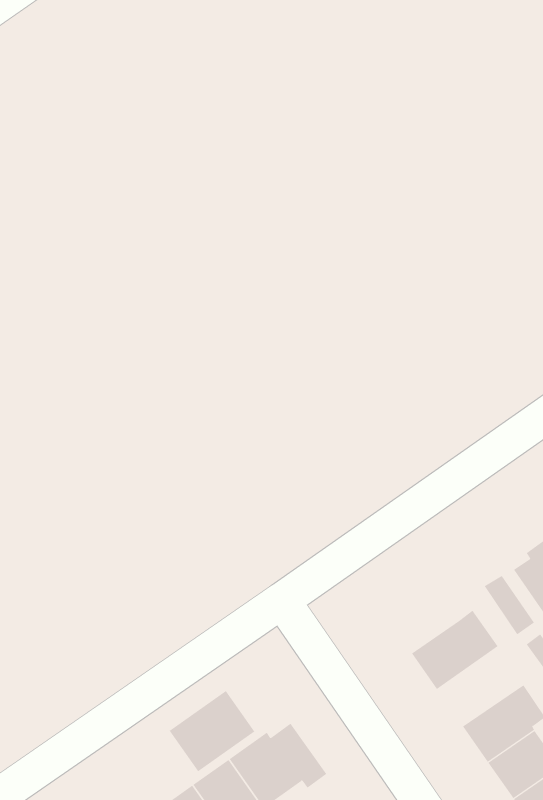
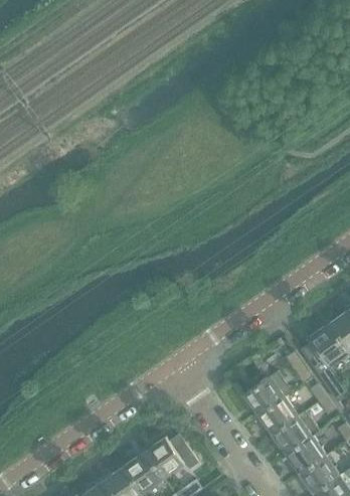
building: none -> [258,390,307,435]
building: [169,690,255,772] -> none

